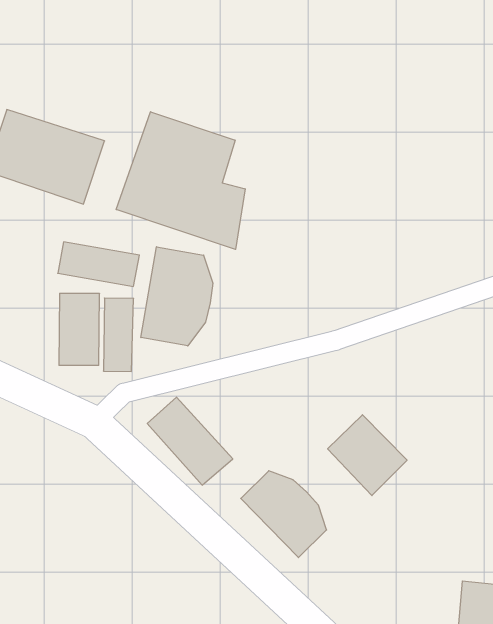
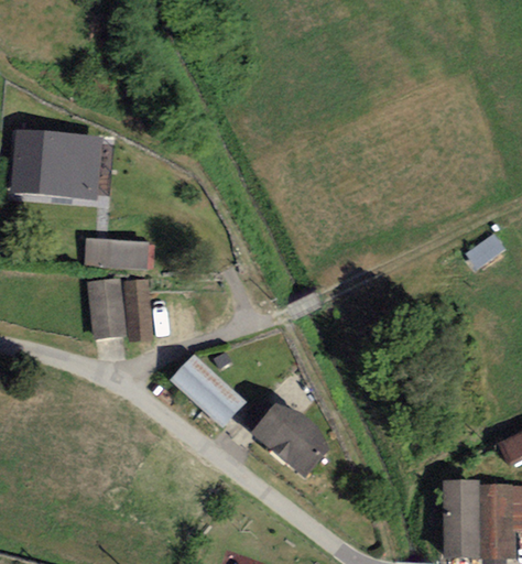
building: [116,112,245,249] -> none
building: [141,247,213,346] -> none
building: [328,415,407,496] -> none

